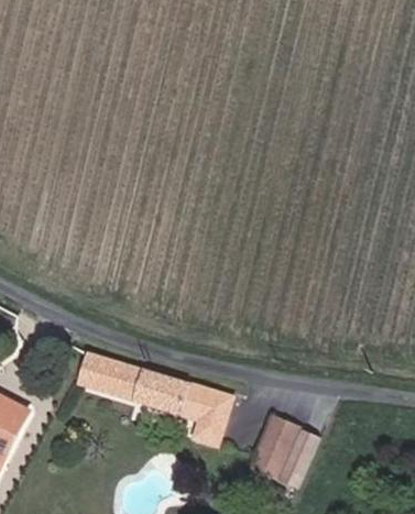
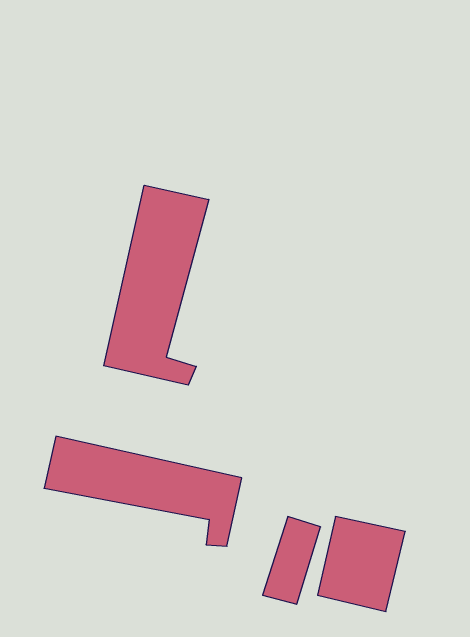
building: none -> [104,185,209,385]

